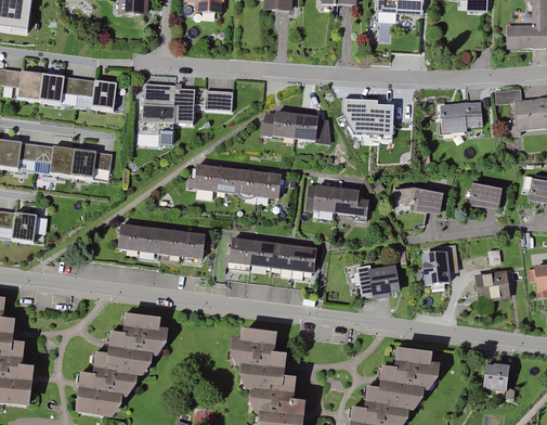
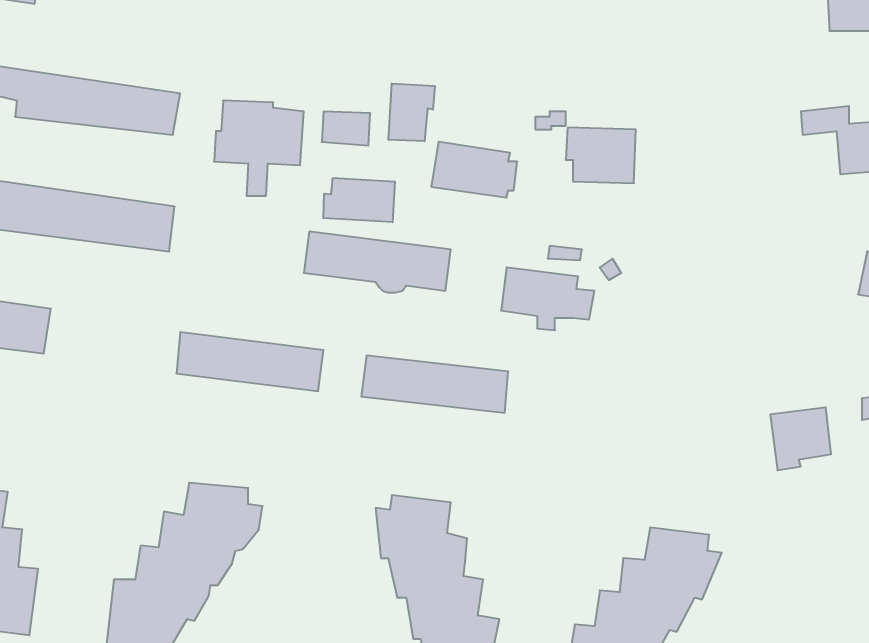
building: none -> [389,83,435,141]
building: [433,104,480,138] -> none
building: none -> [324,178,395,222]
building: [466,182,502,215] -> none
building: [392,188,442,219] -> none
building: [418,247,456,295] -> none
building: [365,268,398,304] -> none
building: [481,365,507,395] -> none

